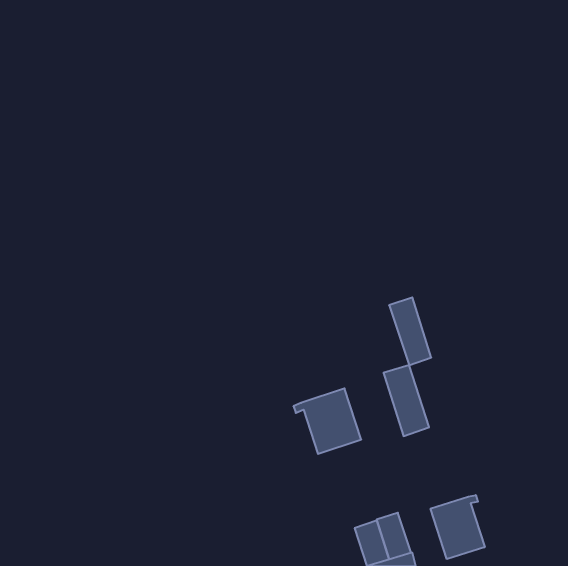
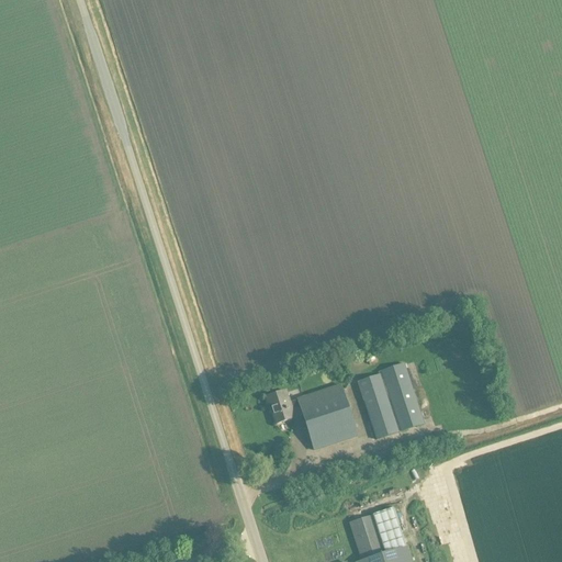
building: [389,297,431,365] -> [357,372,398,439]
building: none -> [266,390,294,423]
building: [431,495,485,559] -> none

